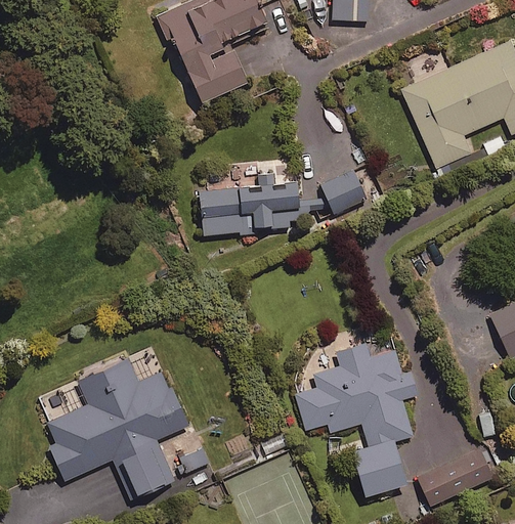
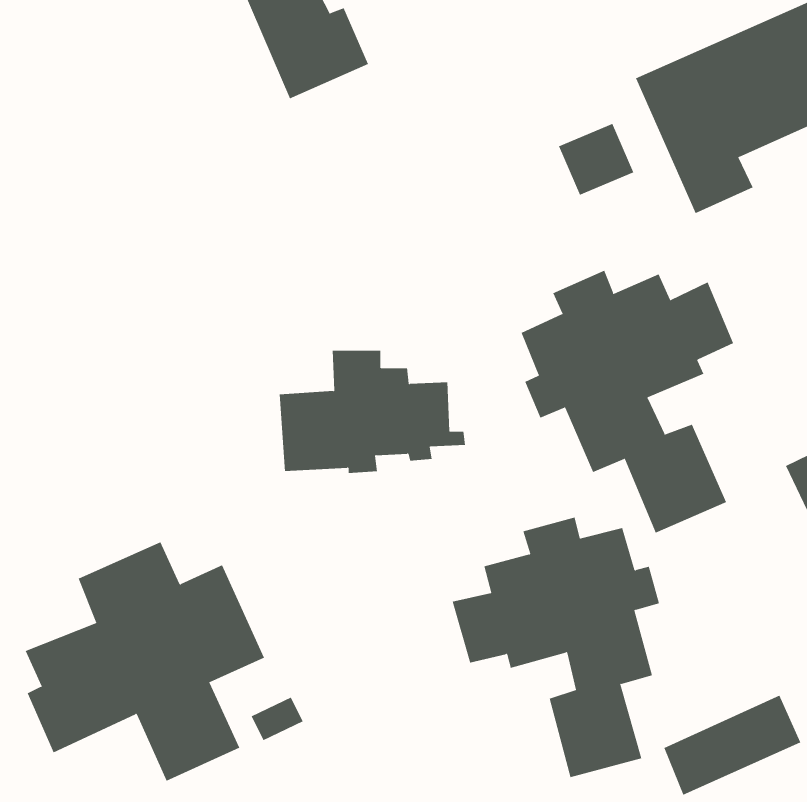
building: [200,165,308,236] -> [279,350,466,473]
building: [321,172,366,214] -> [558,123,634,195]
building: none -> [521,270,734,534]

